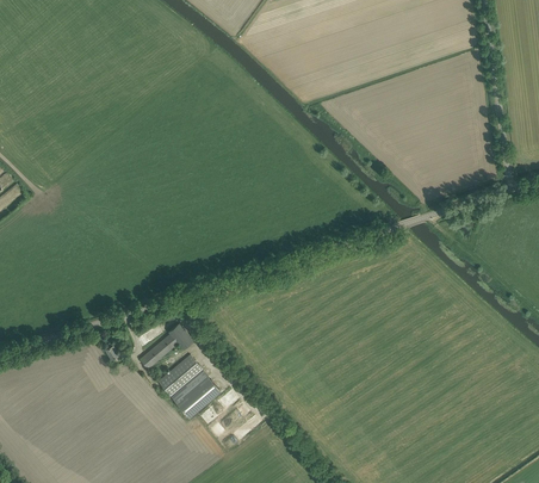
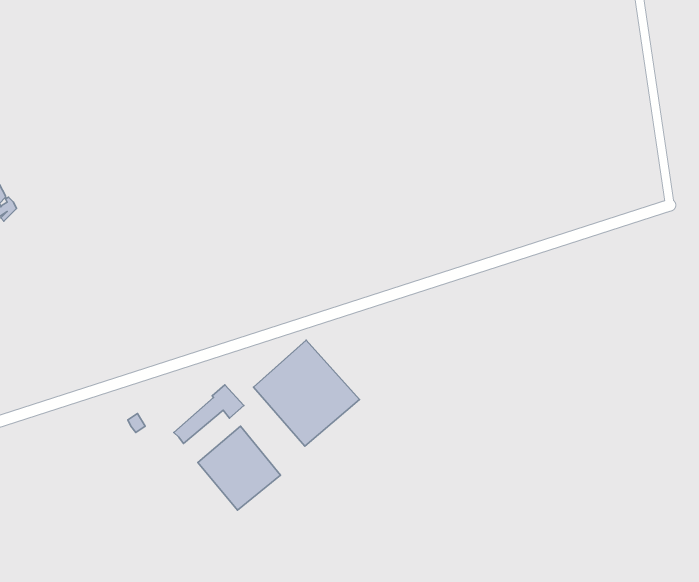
building: none -> [253,340,360,446]

